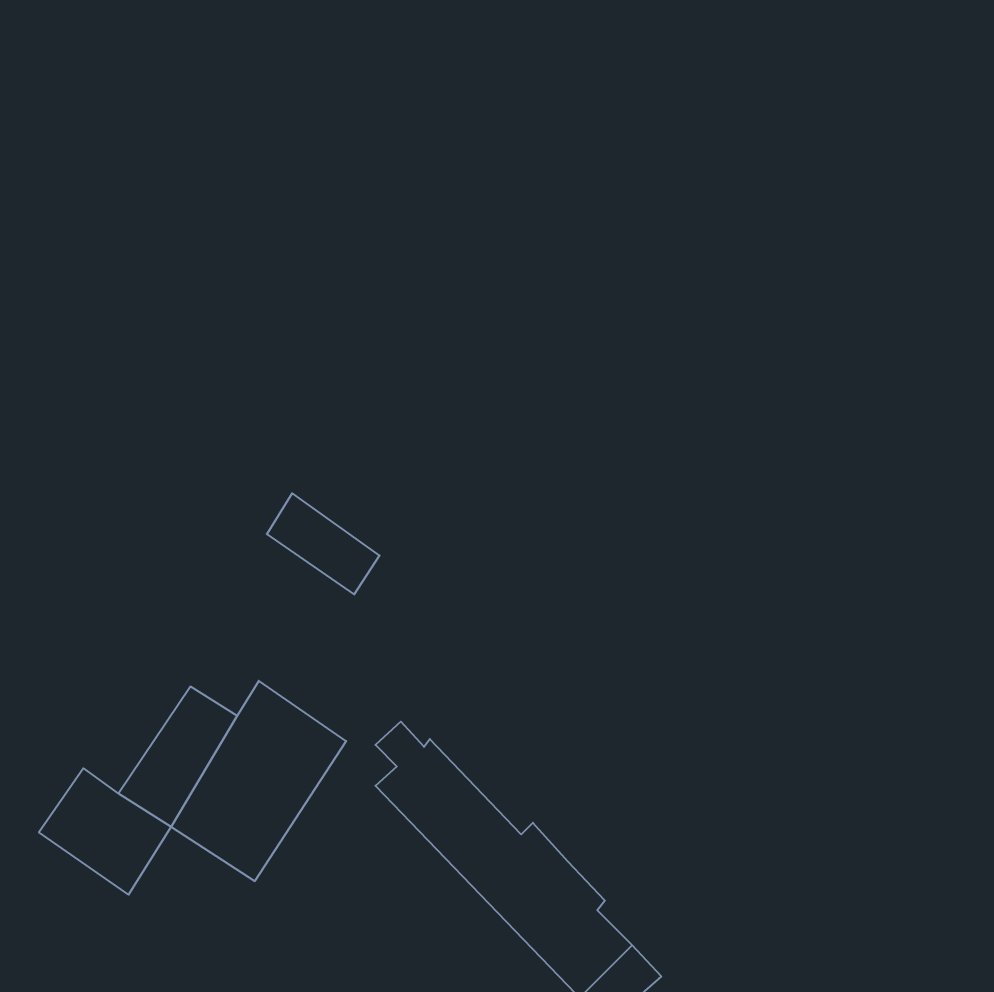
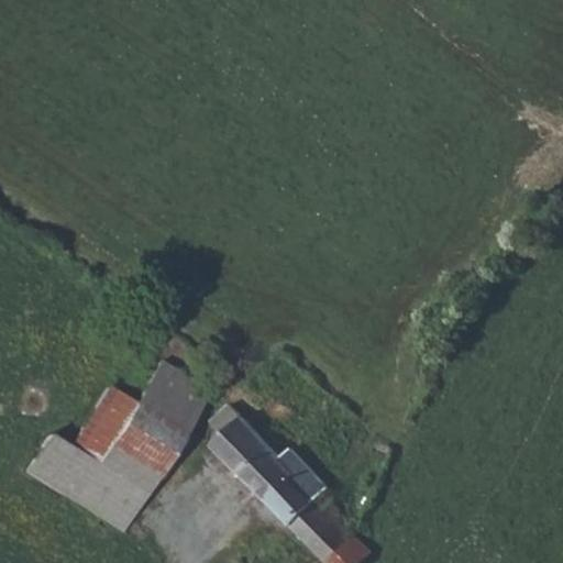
building: [267,493,380,594] -> [146,363,210,420]
building: none -> [73,468,144,537]

